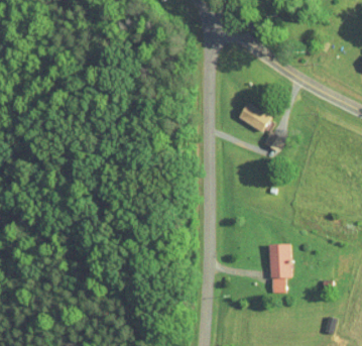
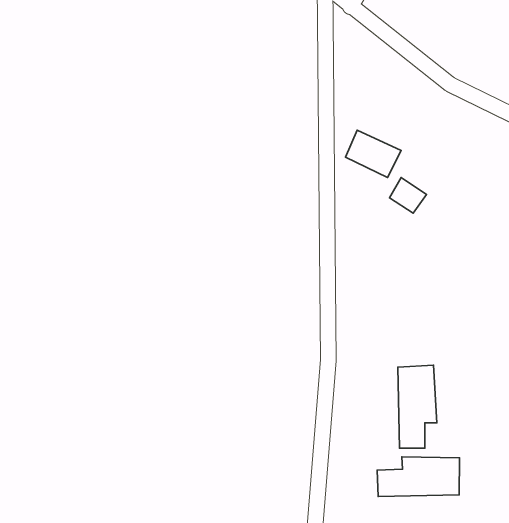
building: none -> [377,457,459,497]

